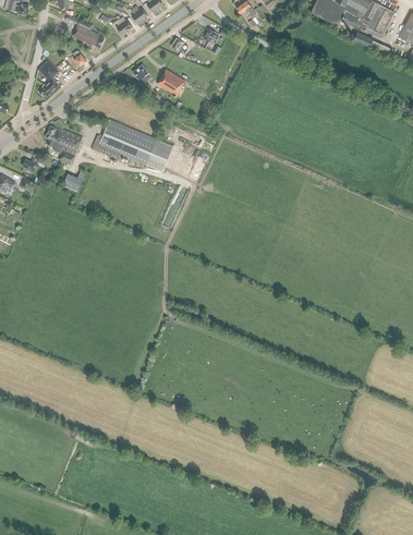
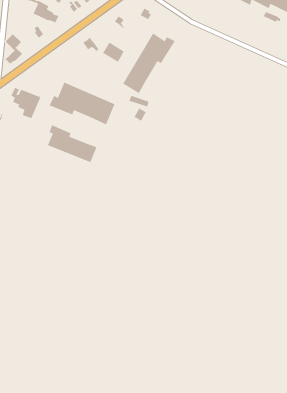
building: none -> [122,33,176,94]
building: none -> [47,124,98,163]

